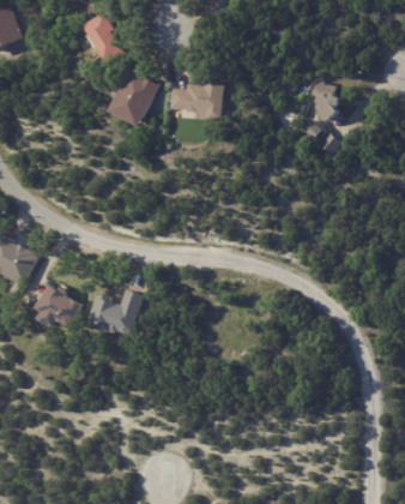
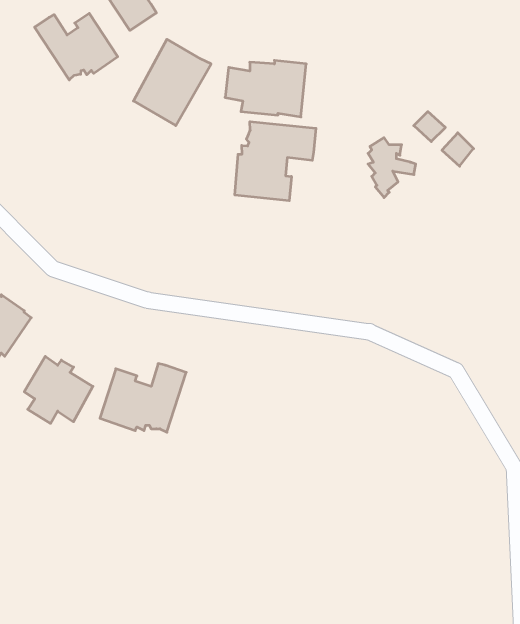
building: none -> [35,13,118,80]
building: [314,83,346,124] -> [368,138,416,198]
building: none -> [235,122,316,201]

